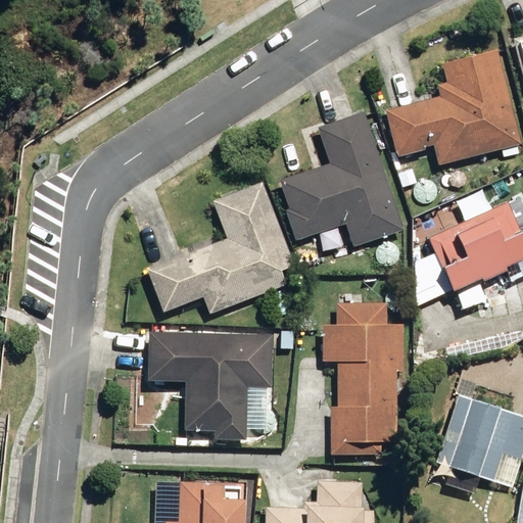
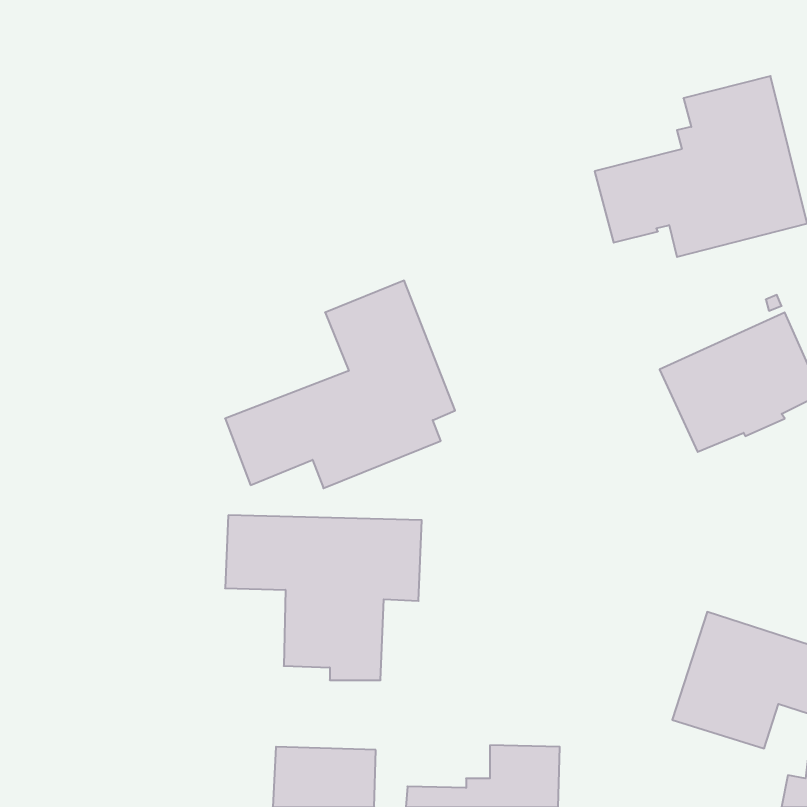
building: [280,112,405,247] -> none
building: [323,302,405,454] -> none

